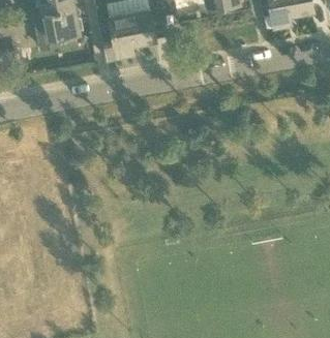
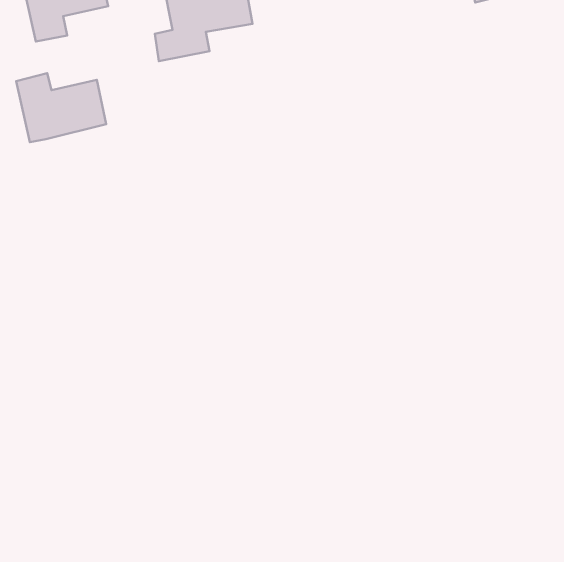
building: none -> [16,73,106,142]

